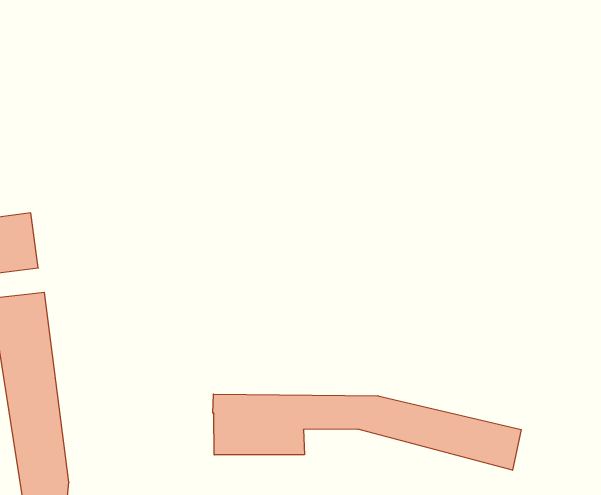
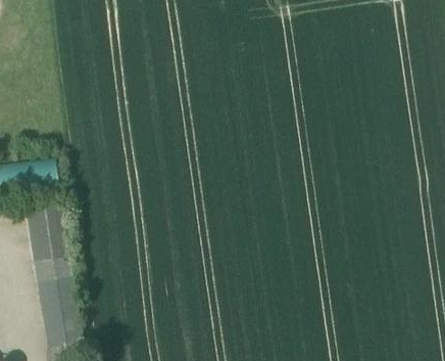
building: [213,394,521,470] -> none

